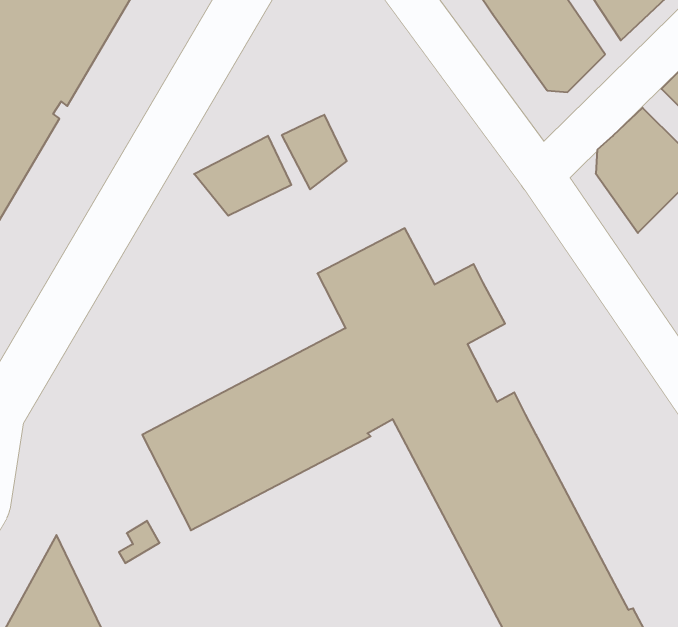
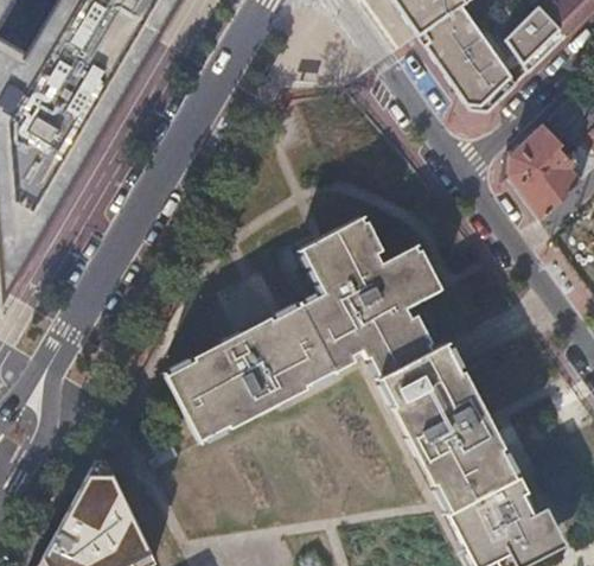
building: [282,115,347,189] -> none
building: [194,136,291,216] -> none

